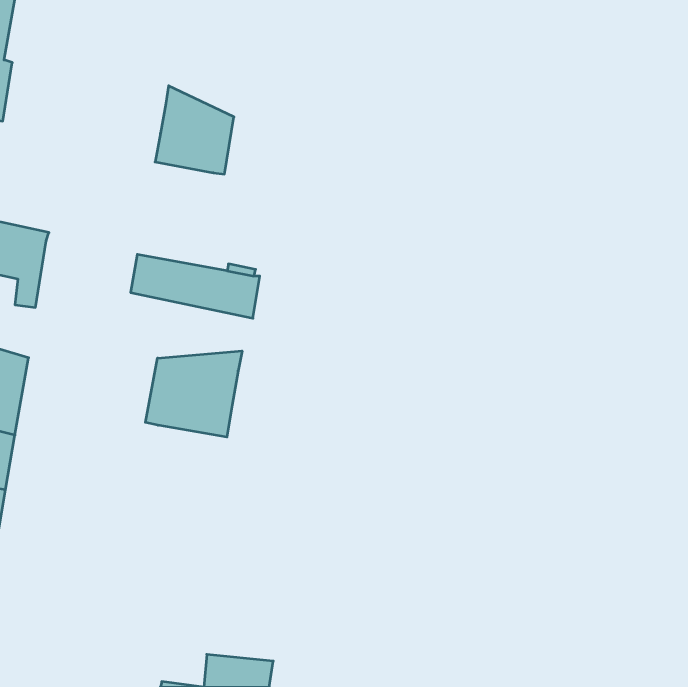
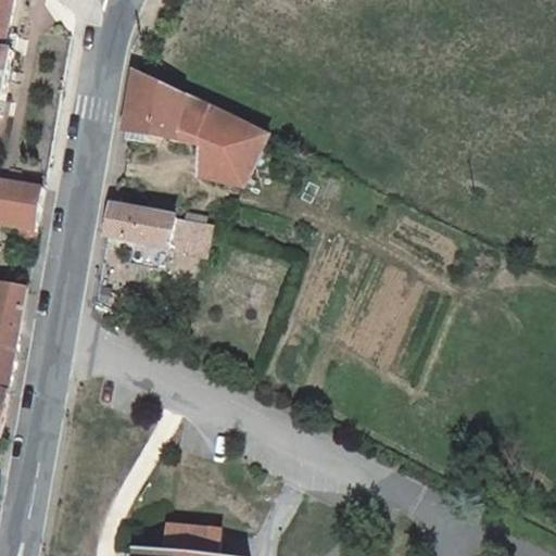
building: none -> [179,93,266,186]
building: [145,351,242,437] -> none

